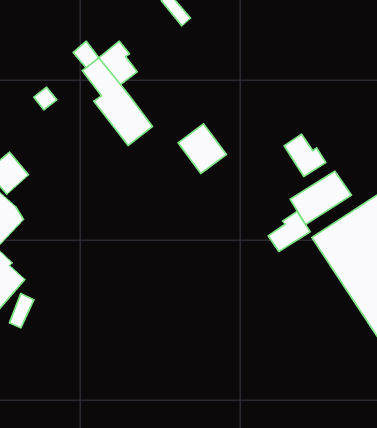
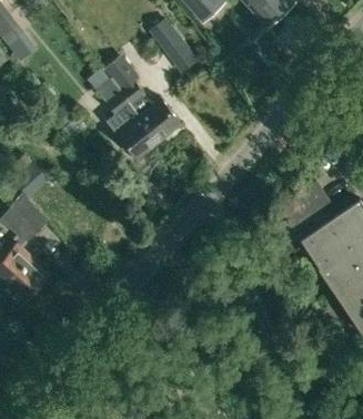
building: [178,124,226,173] -> [139,99,181,142]
building: [284,134,326,176] -> none
building: [268,212,310,252] -> none

